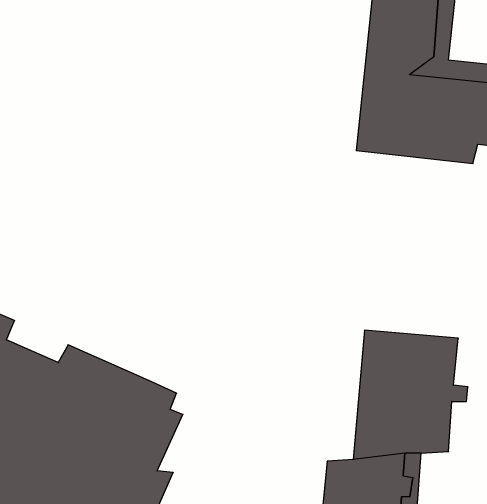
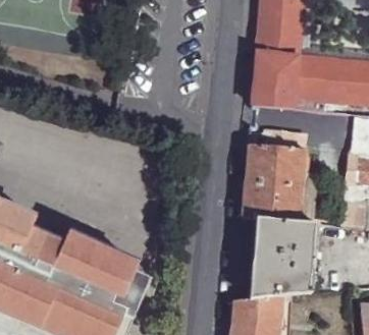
building: none -> [240,125,318,222]

